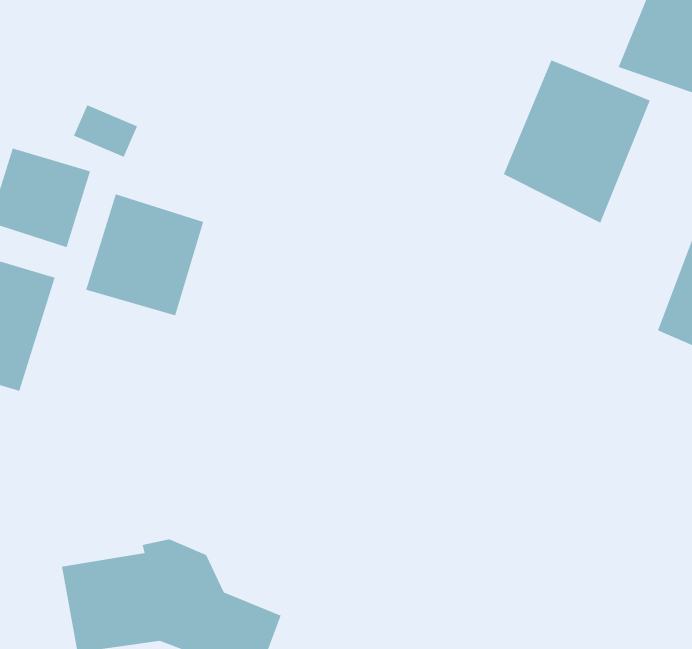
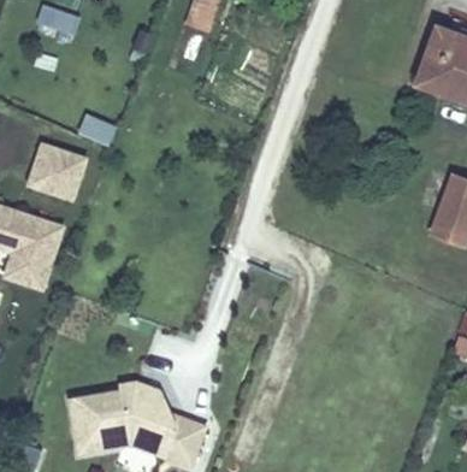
building: [503,60,651,224] -> none
building: [86,193,204,316] -> none

